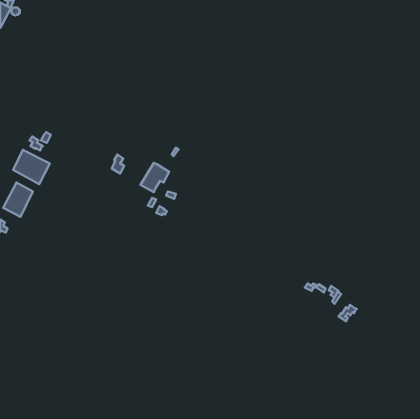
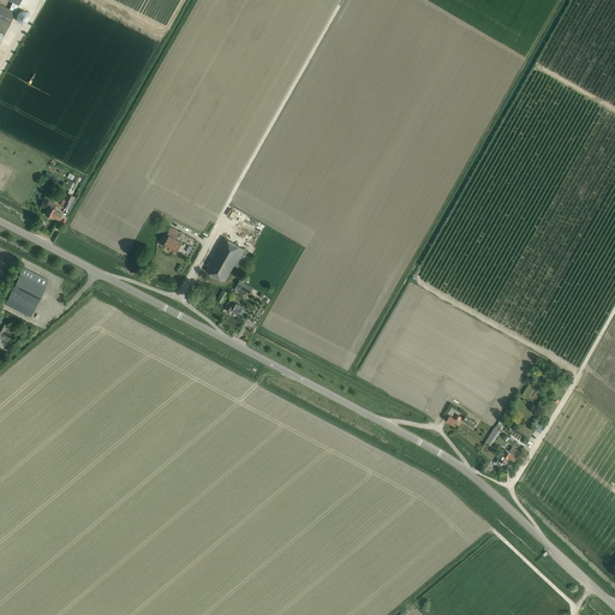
building: [13,150,50,184] -> none

